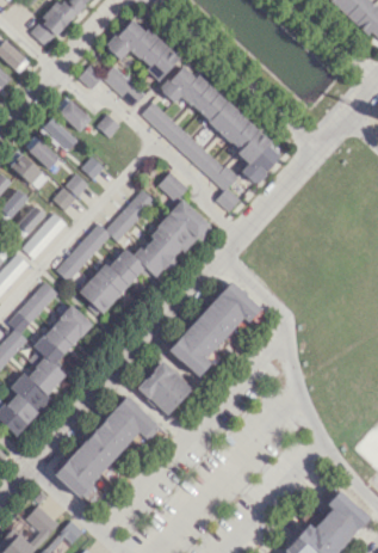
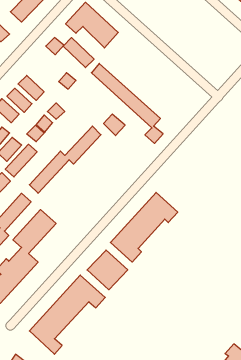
building: [161,64,280,184] -> none
building: [55,97,91,133] -> none
building: [80,201,210,313] -> none

